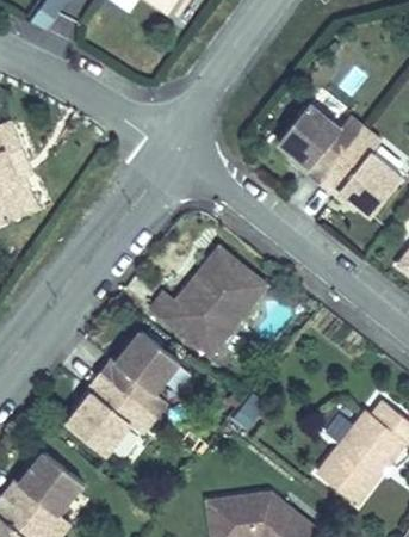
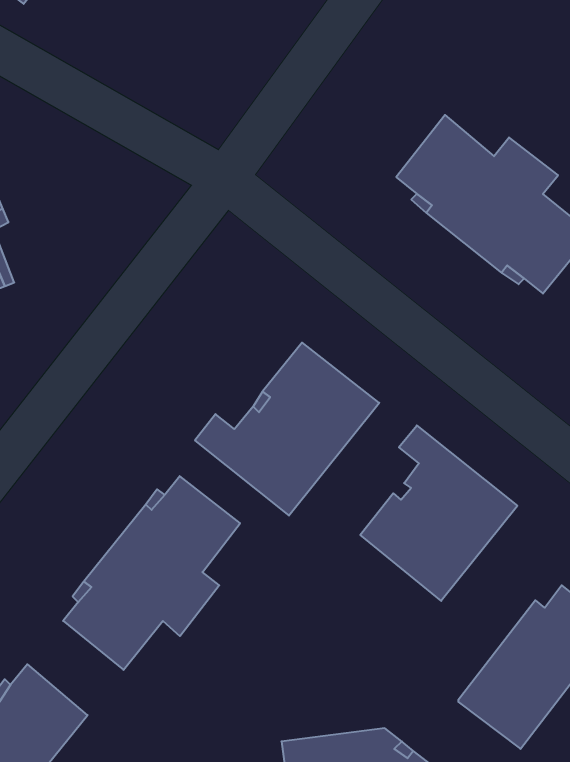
building: none -> [360,425,517,601]

